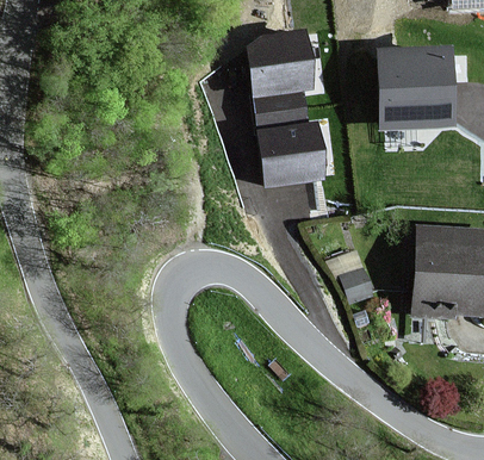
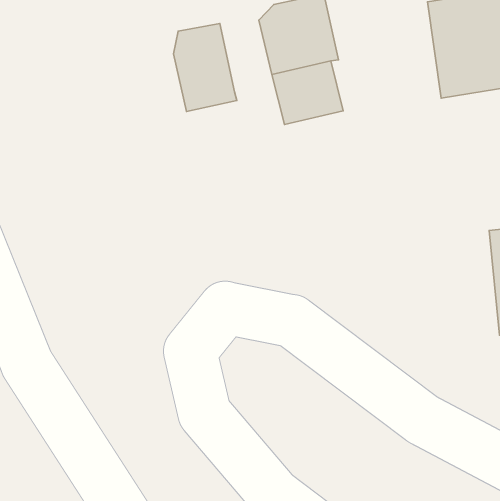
building: none -> [174,23,237,112]
building: [266,128,325,182] -> none

